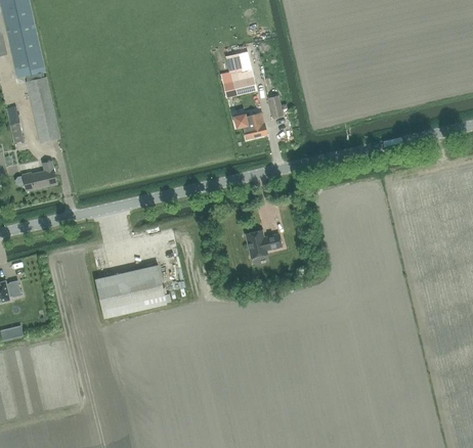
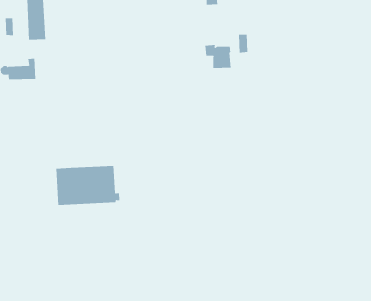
building: [230,70,255,93] -> none
building: [245,229,281,256] -> none

